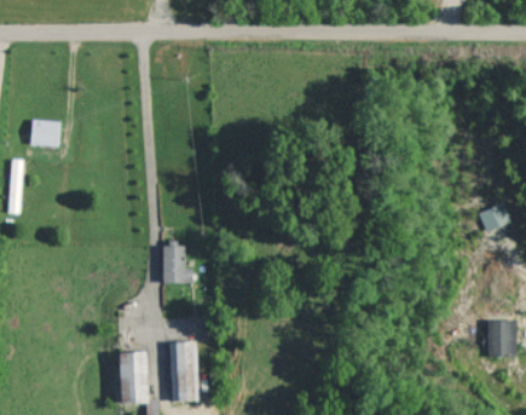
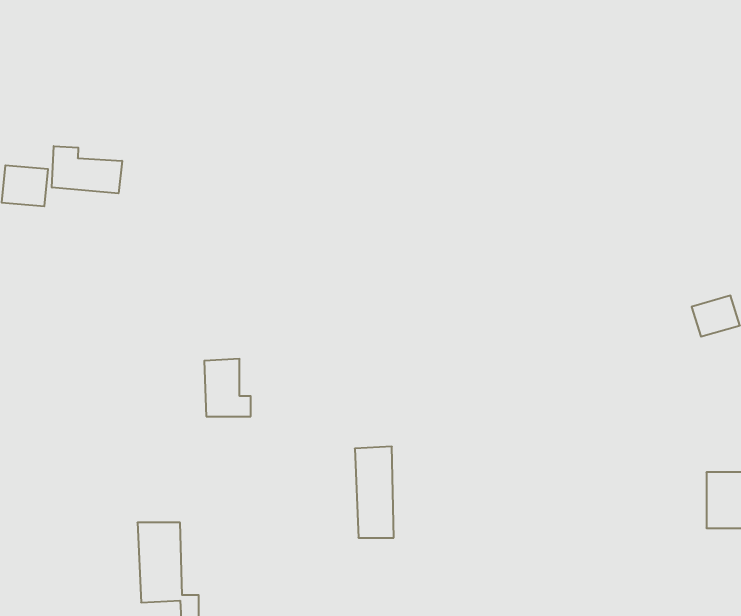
building: none -> [52,146,122,193]
building: [169,341,195,400] -> [355,447,394,538]

